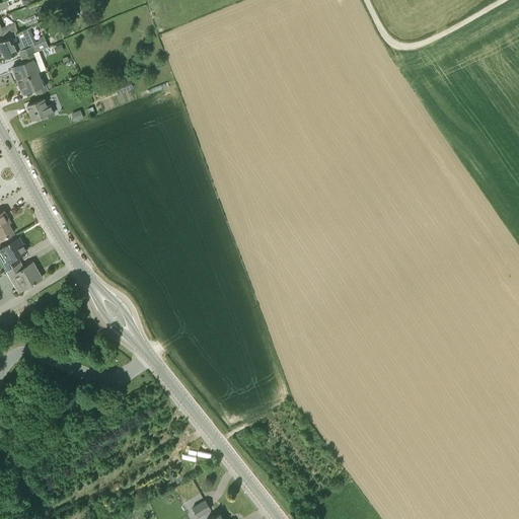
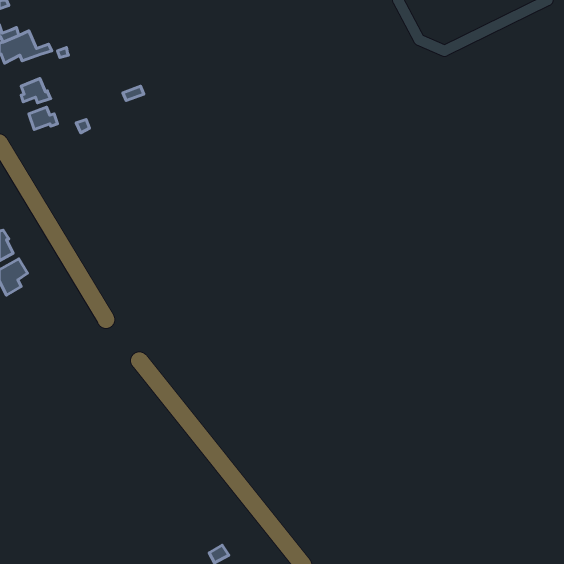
building: [11,51,45,80] -> none
building: [6,263,42,292] -> none

